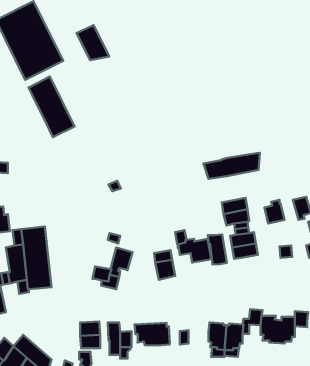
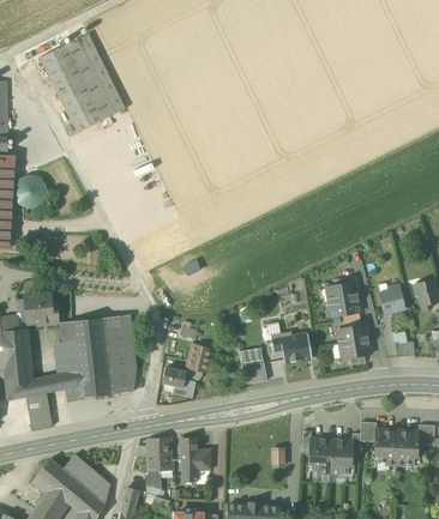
building: [77,25,109,60] -> none
building: [29,76,74,137] -> none
building: [204,153,260,179] -> none
building: none -> [102,314,136,394]
building: [208,235,227,264] -> none
building: [134,323,170,345] -> none

